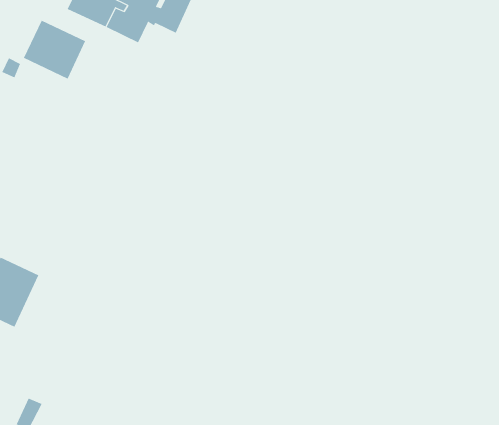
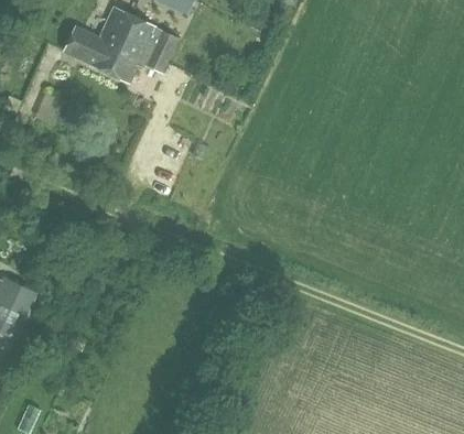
building: [23,20,86,79] -> none

